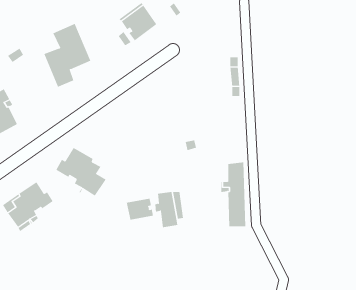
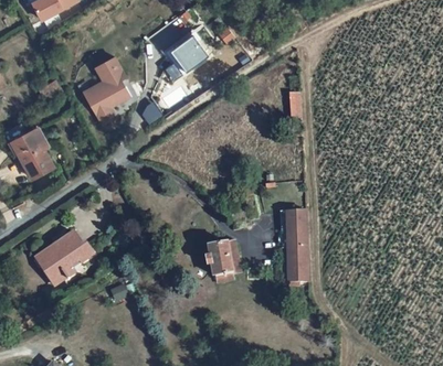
building: [55,147,107,196] -> none
building: [126,198,154,221] -> none

